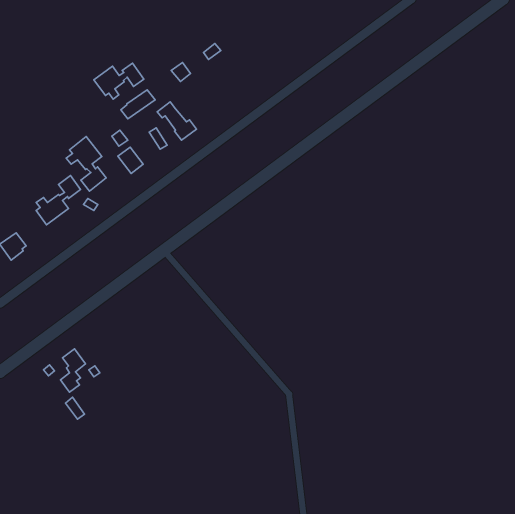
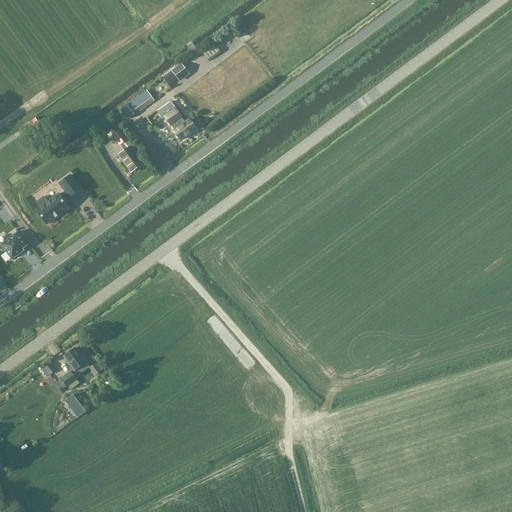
building: [94,63,144,99] -> none
building: [66,137,106,191] -> none

